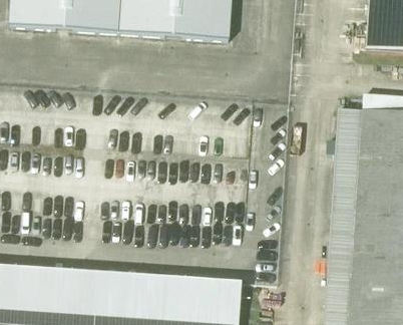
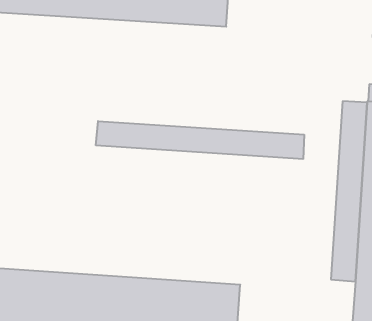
building: none -> [96,121,304,159]

